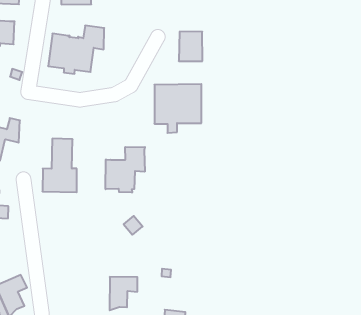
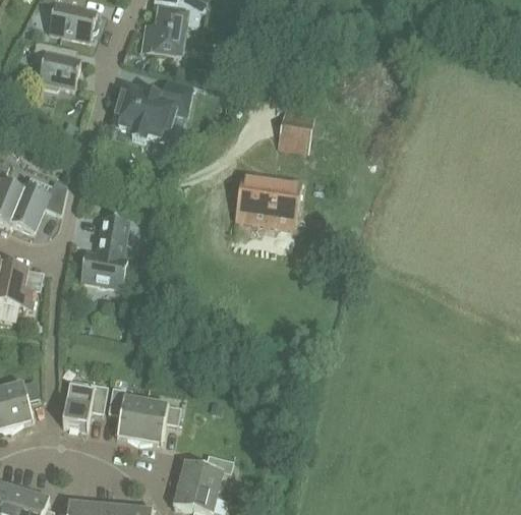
building: [106,147,145,193] -> none
building: none -> [108,387,146,443]
building: none -> [62,380,107,428]

